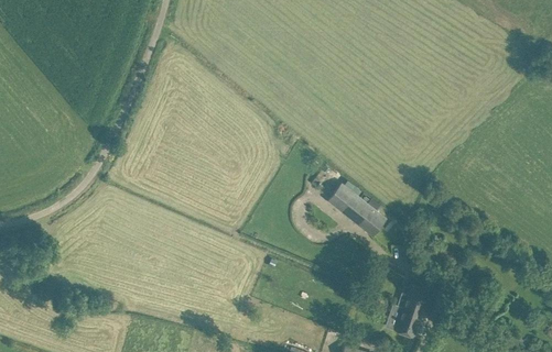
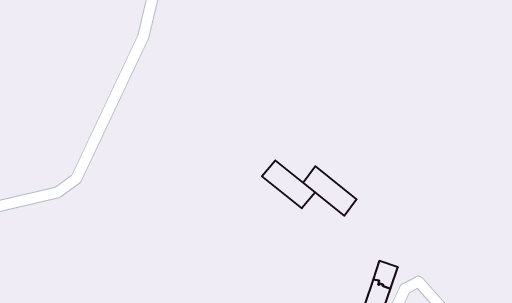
building: none -> [262,160,315,208]

